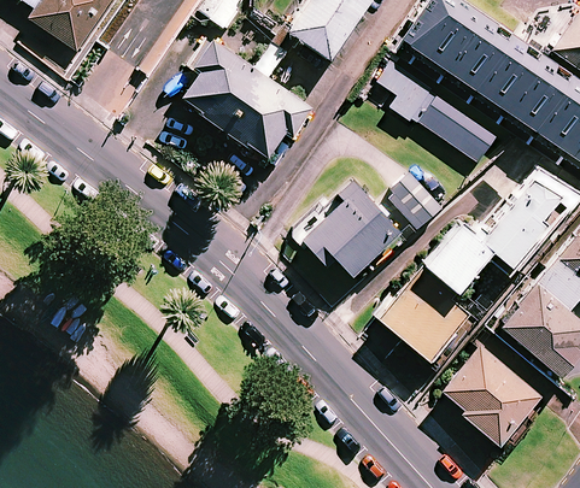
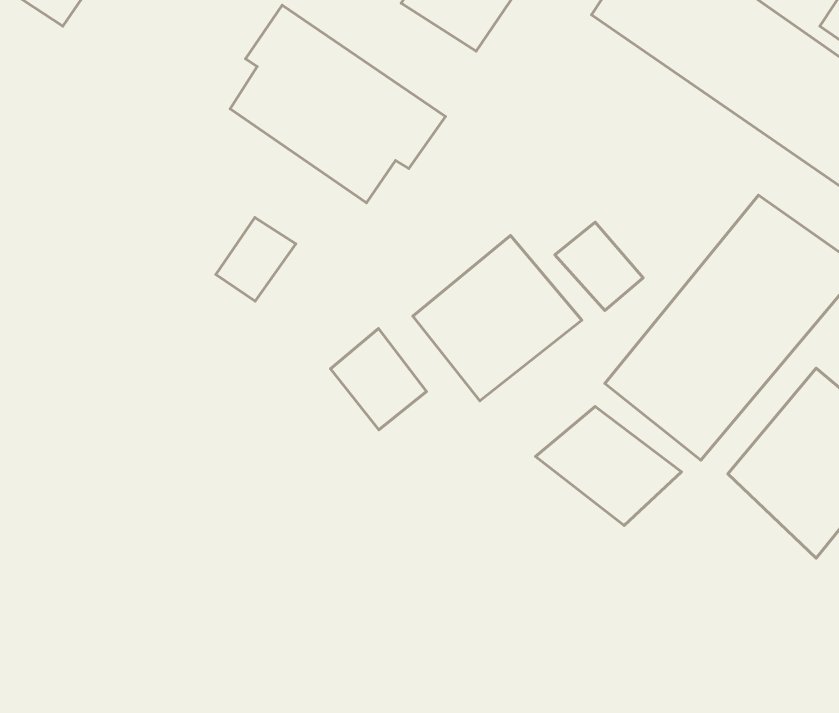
building: [363,59,494,159] -> none
building: none -> [216,218,296,301]
building: none -> [330,328,427,430]
building: [438,346,537,442] -> none

